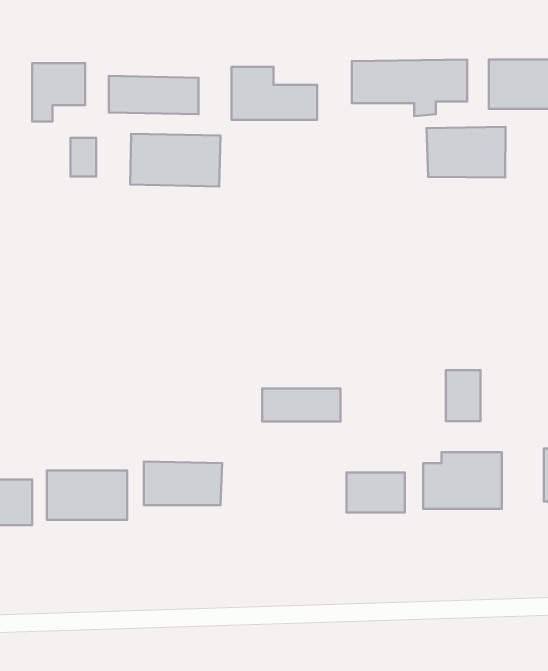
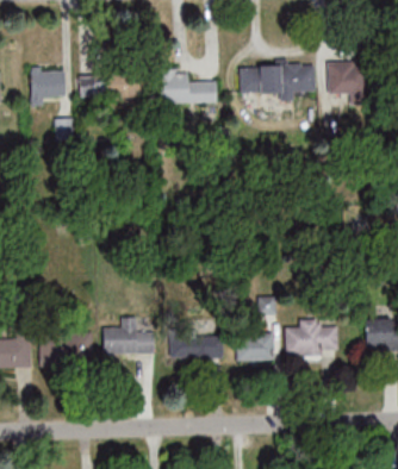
building: [426,127,505,178] -> none
building: [130,134,220,186] -> none
building: [446,370,481,421] -> none
building: [262,388,341,421] -> [172,338,223,359]

